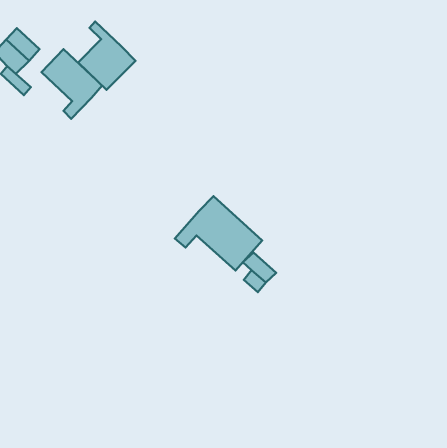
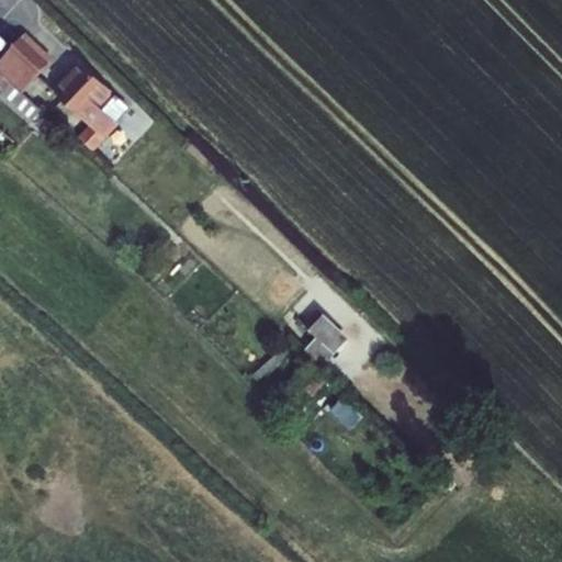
building: [78,21,136,90] -> none
building: [175,196,262,271] -> none

